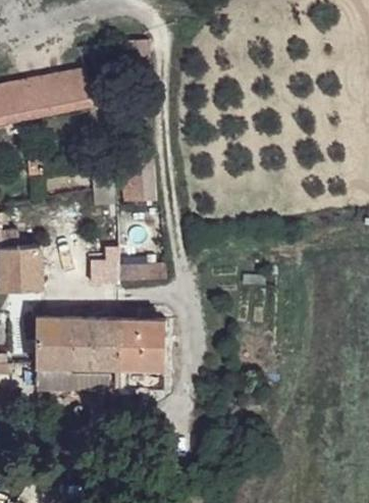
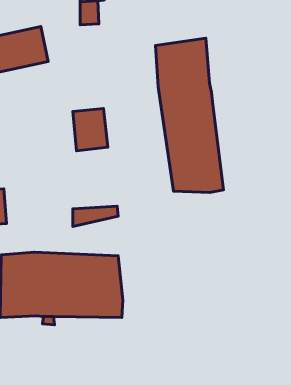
building: none -> [156,38,224,193]
building: [89,248,116,288] -> none

